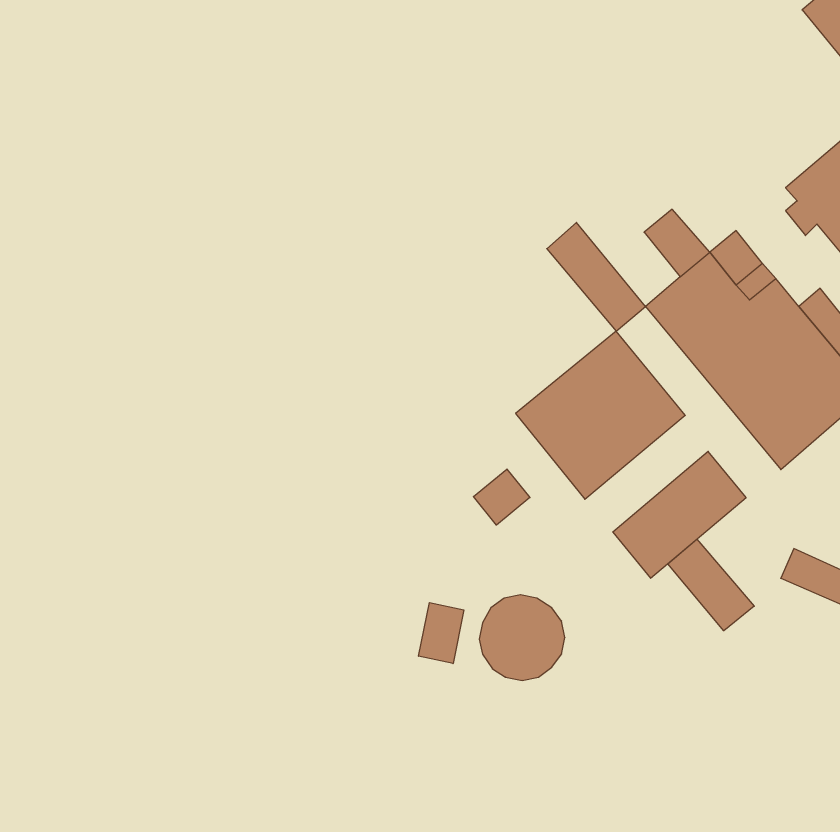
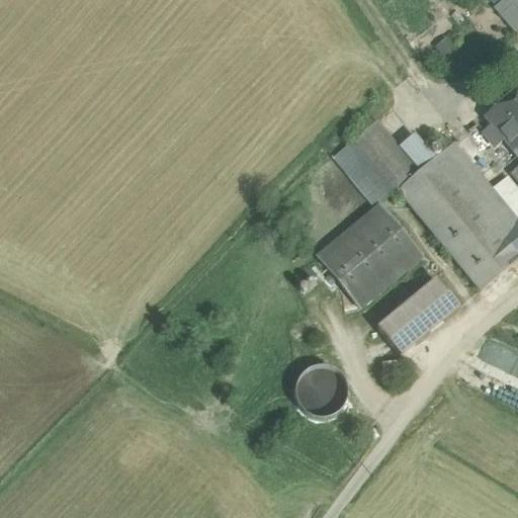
building: none -> [355,119,419,188]
building: [473,469,530,525] -> none
building: [668,539,754,631] -> none
building: [419,603,464,664] -> none

